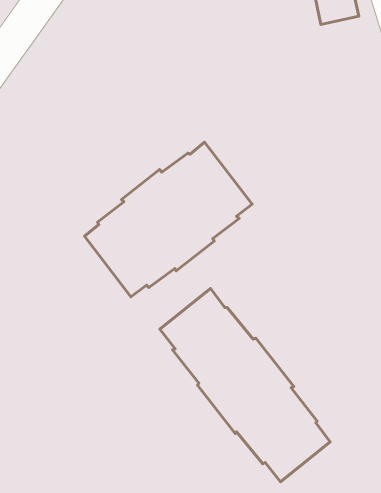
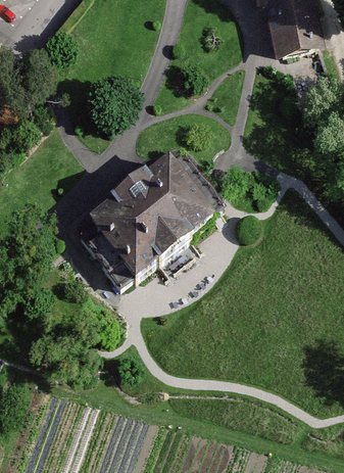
building: [160,288,330,482] -> none

